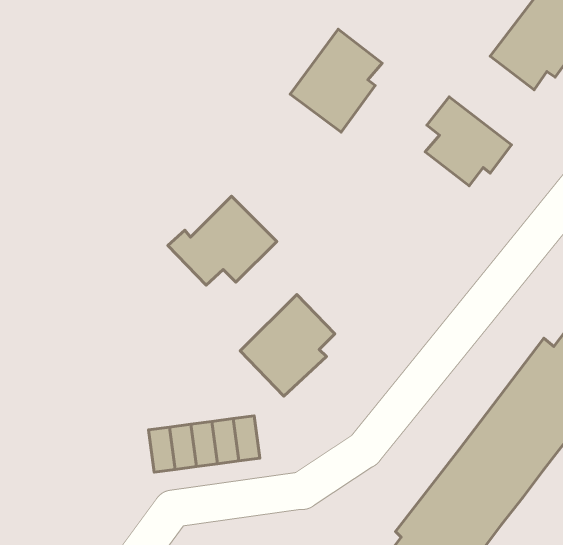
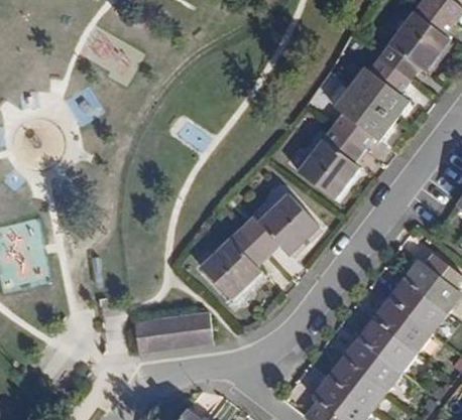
building: [290,29,382,132] -> [299,125,364,198]
building: none -> [350,56,411,120]
building: [168,196,277,285] -> [241,191,319,255]

